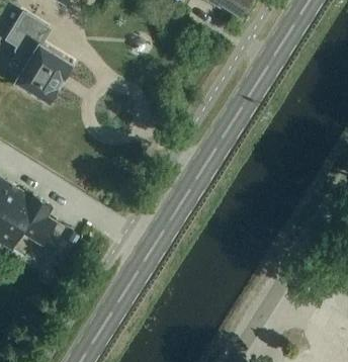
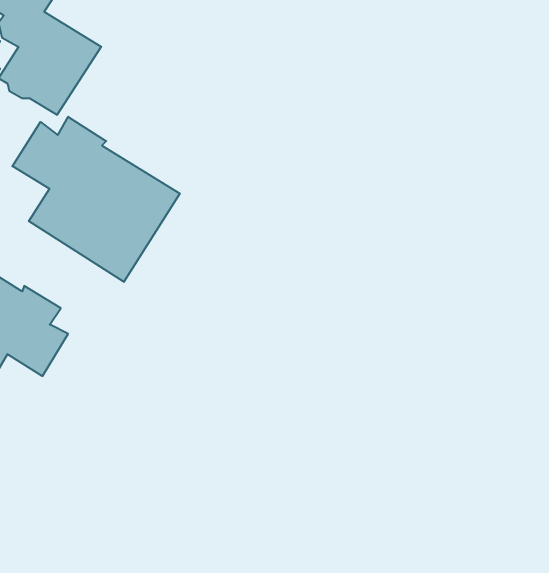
building: none -> [12,117,180,282]

